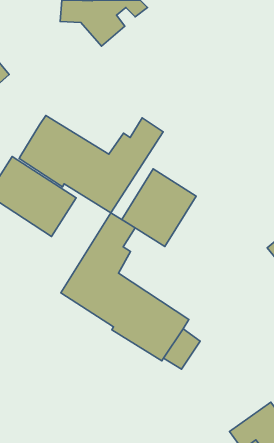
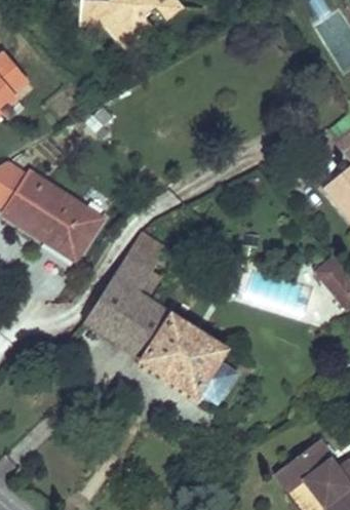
building: [19,115,163,213] -> none
building: [122,169,196,247] -> none

